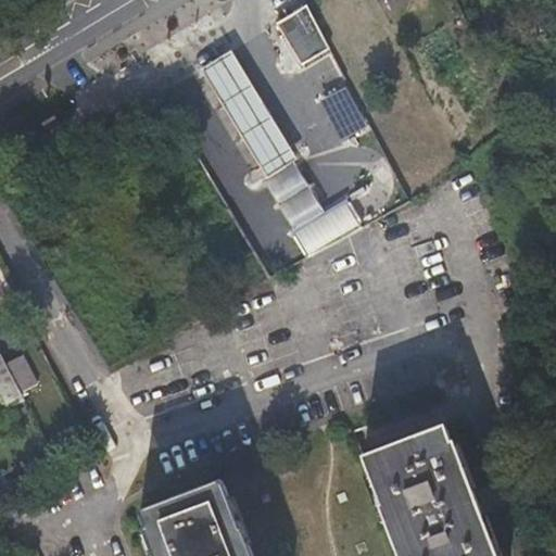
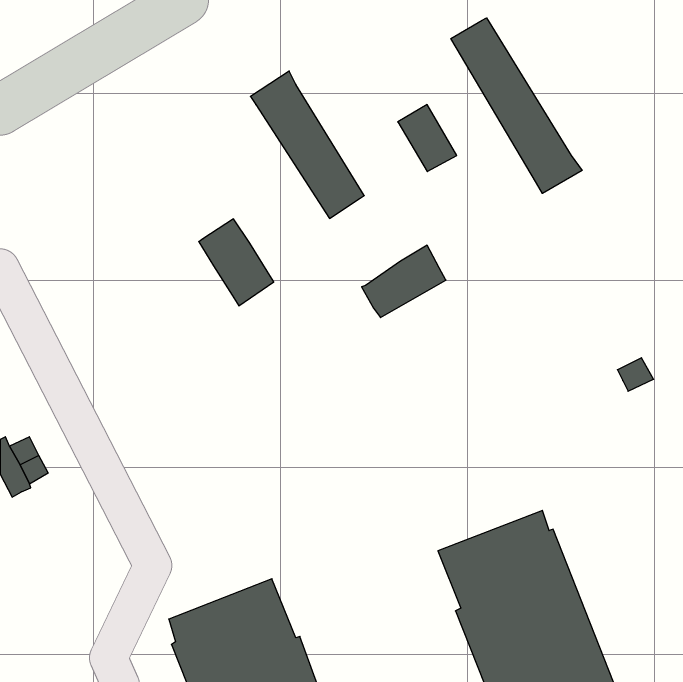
building: [276,8,329,66] -> none
building: none -> [451,18,582,193]
building: [265,163,326,233] -> [199,219,274,306]

